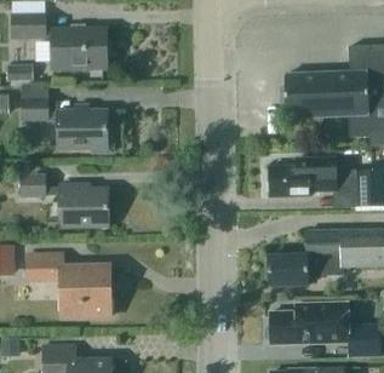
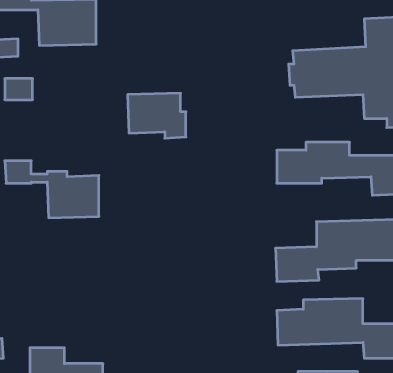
building: [57,111,110,153] -> [128,93,186,138]
building: [28,254,109,317] -> none

